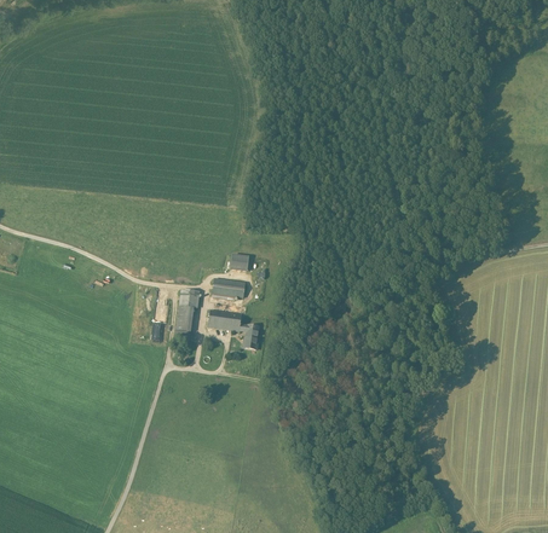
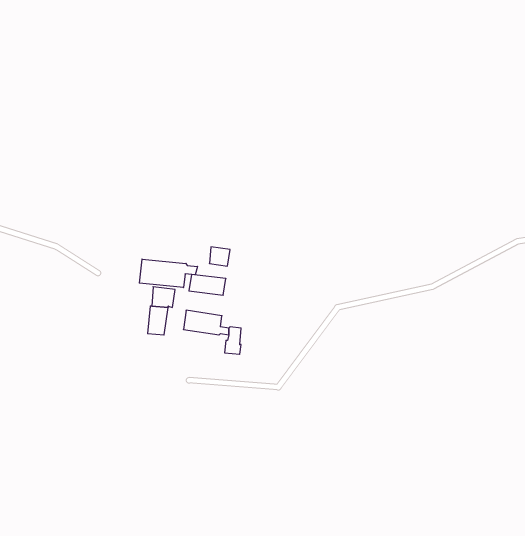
building: none -> [139,259,197,288]

